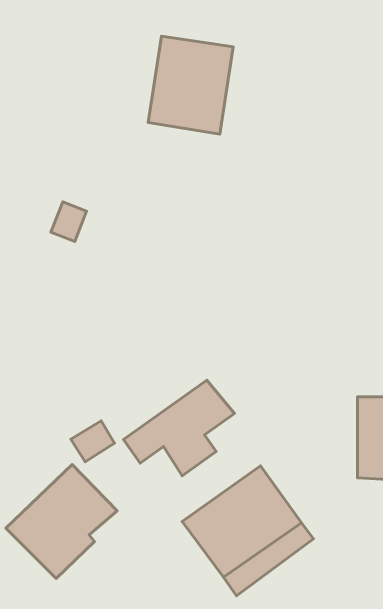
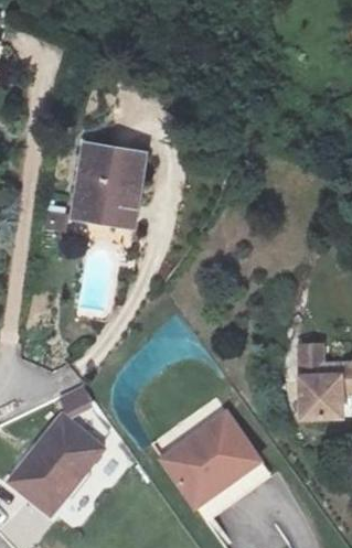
building: [148,36,233,134] -> [79,146,150,227]
building: [124,380,235,476] -> none

